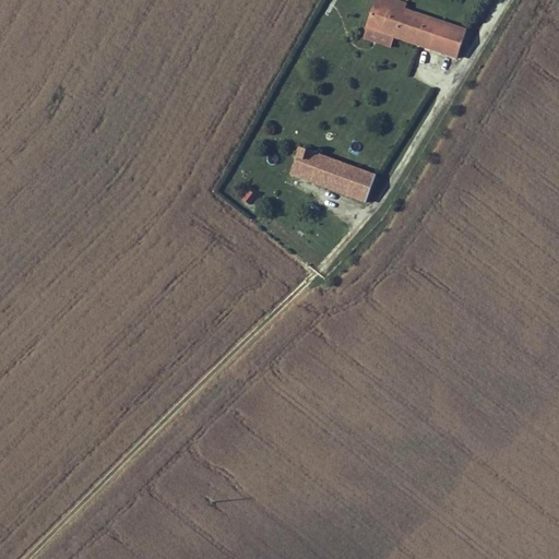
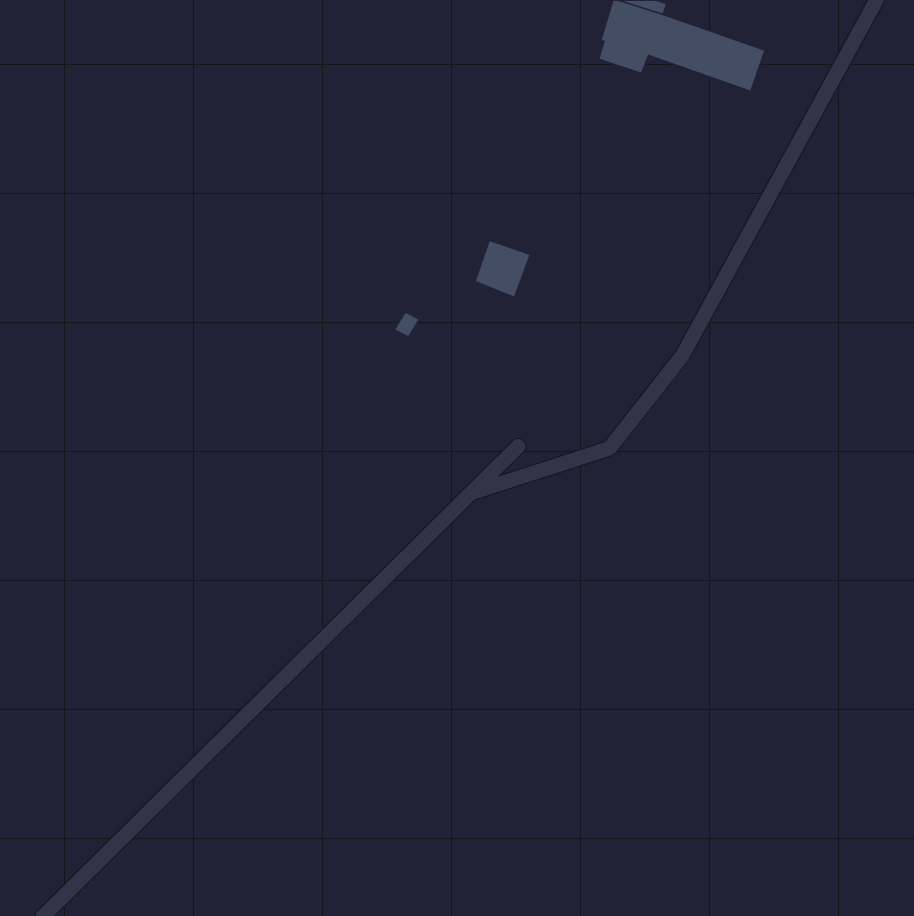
building: [313,155,374,200] -> none

